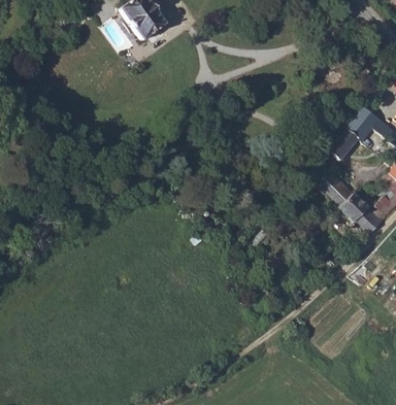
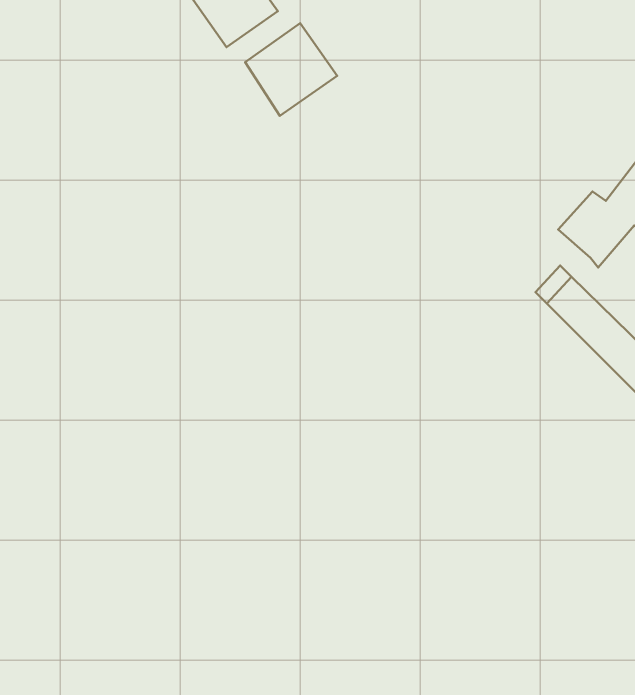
building: none -> [245,23,337,116]

